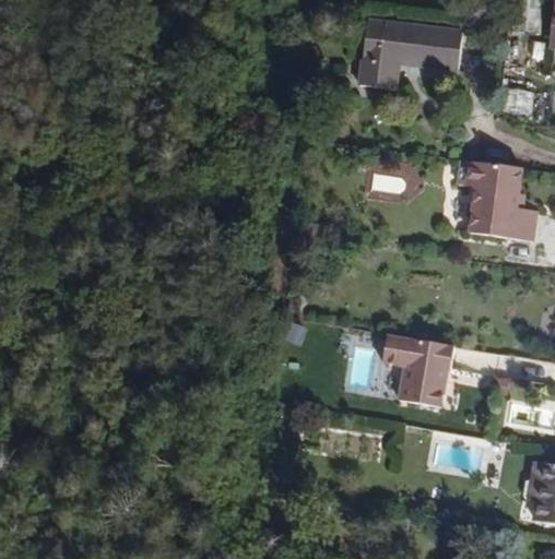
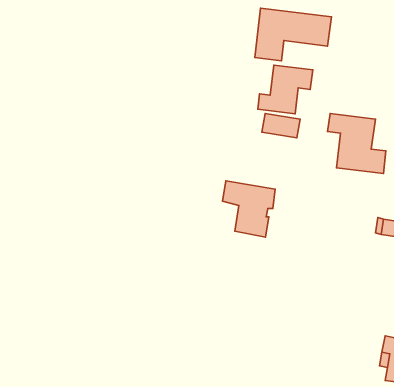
building: none -> [258,65,313,114]
building: [382,333,453,408] -> [223,181,275,237]

